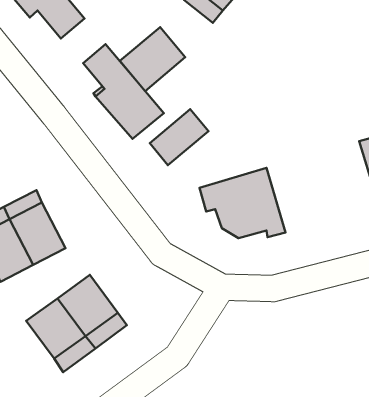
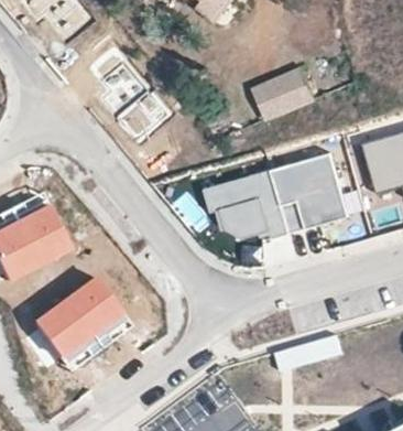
building: [120,27,185,91] -> none
building: none -> [252,72,313,122]
building: [150,109,208,165] -> none
building: none -> [268,153,346,234]

